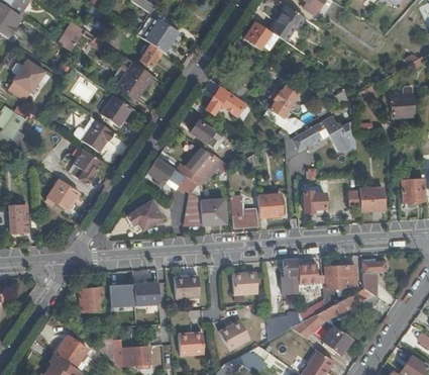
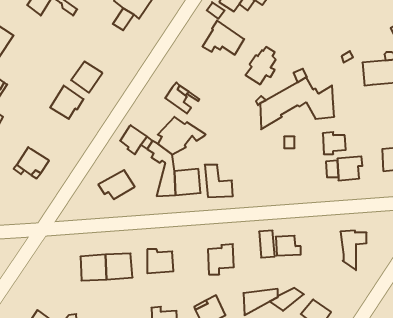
building: [118,62,152,95] -> none
building: [205,84,245,117] -> [202,20,244,55]
building: [70,144,101,183] -> none
building: [303,190,325,211] -> [323,132,346,154]
building: [257,193,281,216] -> none
building: [325,266,364,288] -> none
building: [80,288,103,312] -> none
building: [317,288,381,320] -> none

